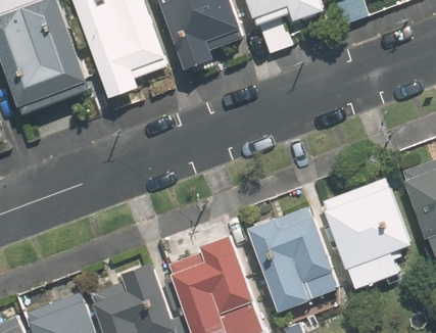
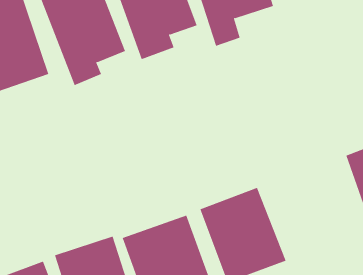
building: [322,177,410,269] -> none

